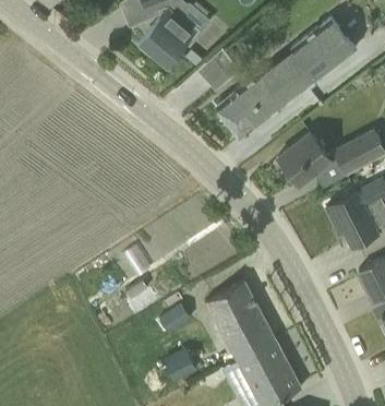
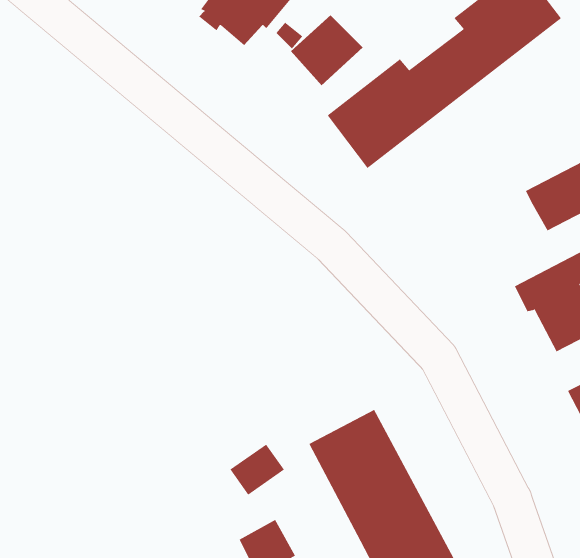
building: [277,133,332,187] -> none

